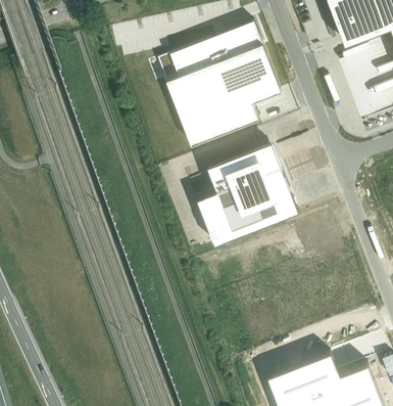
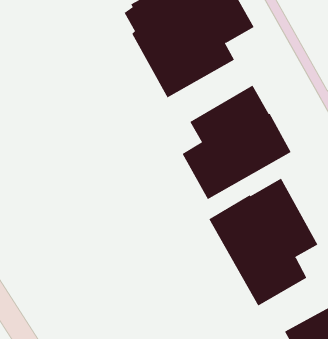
building: none -> [209,178,318,306]

